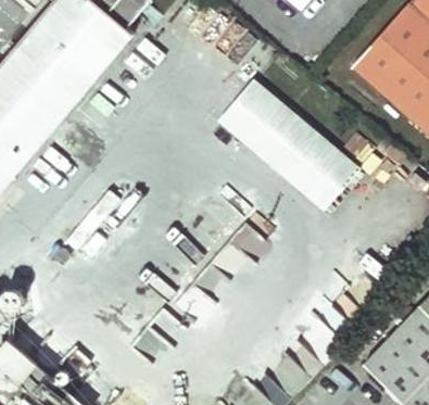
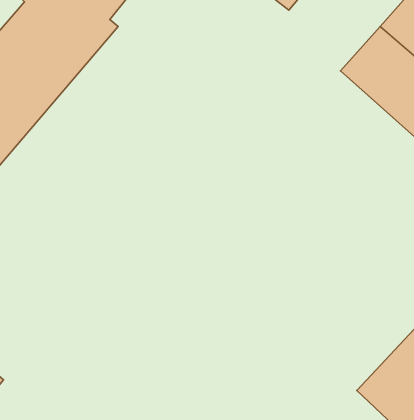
building: [215,74,359,210] -> none

